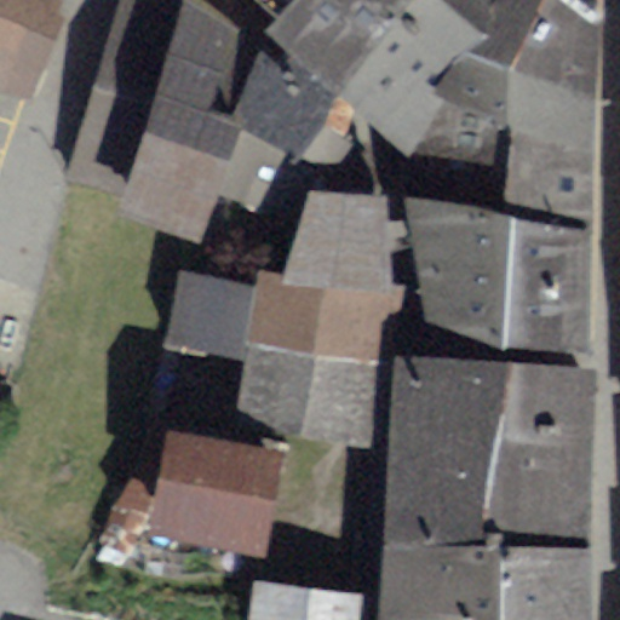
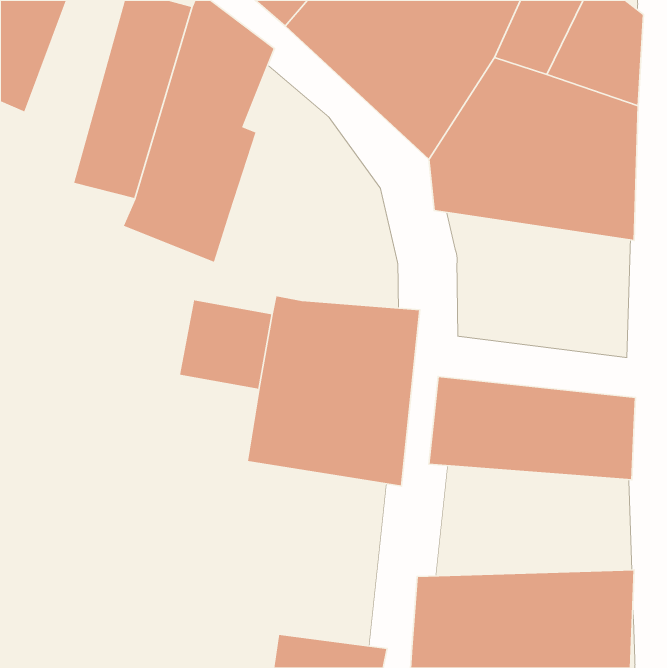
building: [214,45,329,218] -> none
building: [281,194,390,287] -> none
building: [403,195,589,354] -> none
building: [388,430,589,534] -> none
building: [162,440,274,538] -> none

